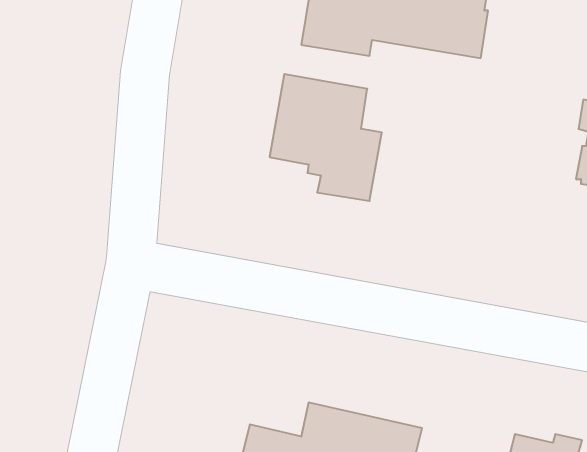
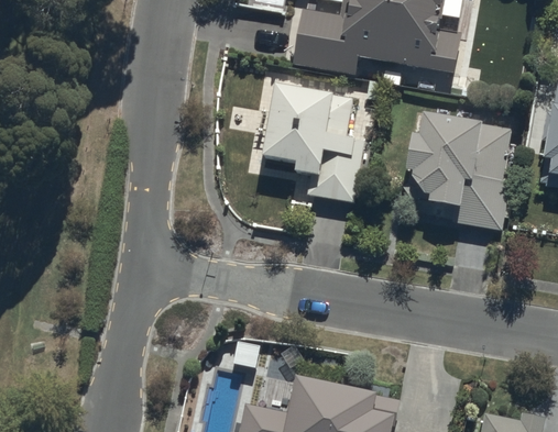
building: none -> [402,117,512,230]

